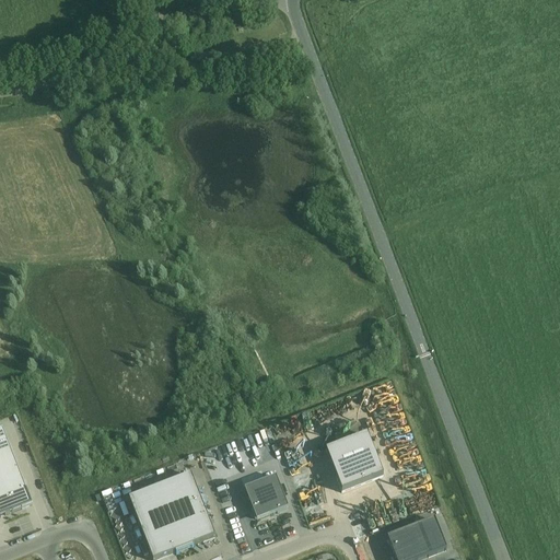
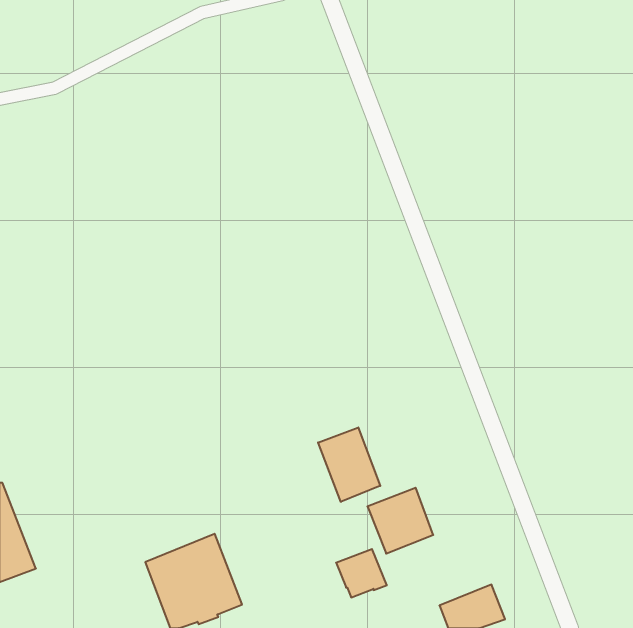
building: none -> [318,427,380,502]
building: [243,472,288,515] -> [336,549,387,597]

